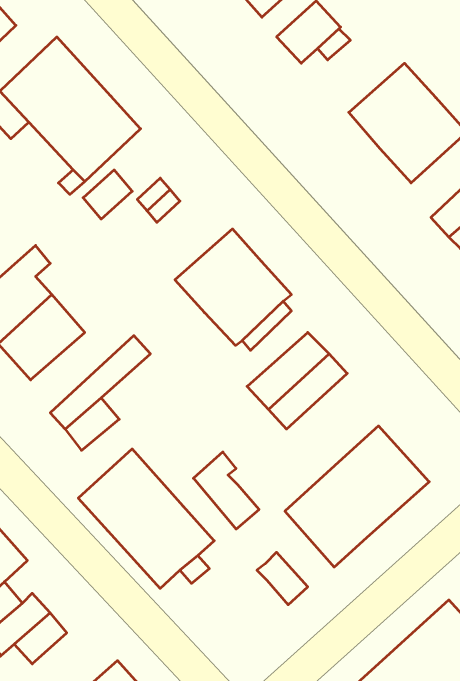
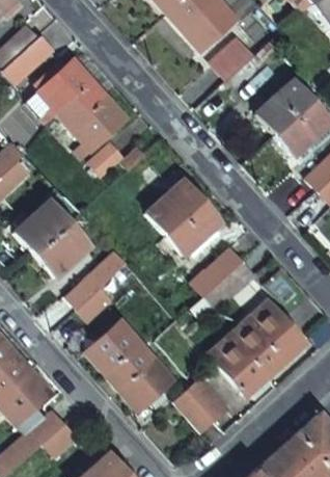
building: [193,452,259,529] -> [175,382,217,431]

